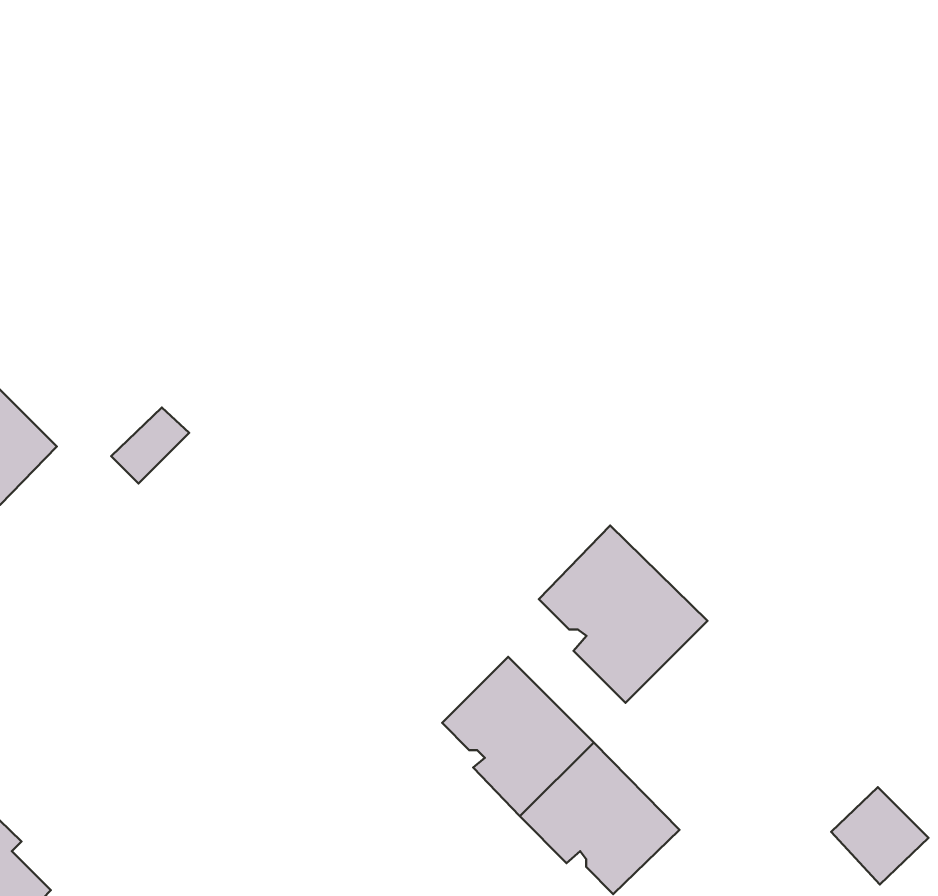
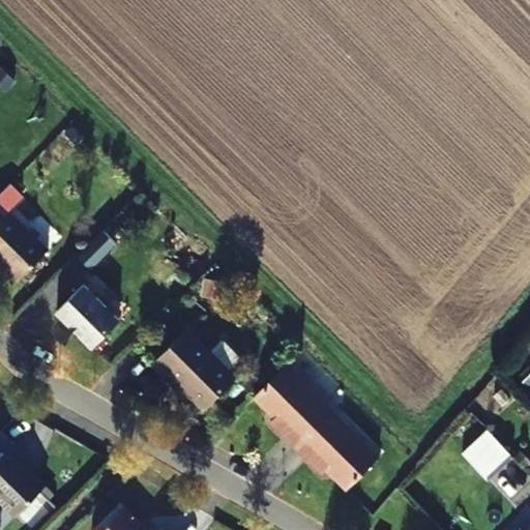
building: none -> [55,286,120,350]
building: [539,526,708,703] -> none
building: none -> [153,330,242,411]

